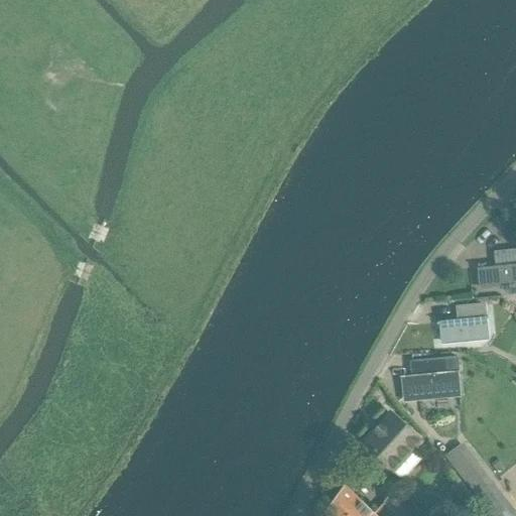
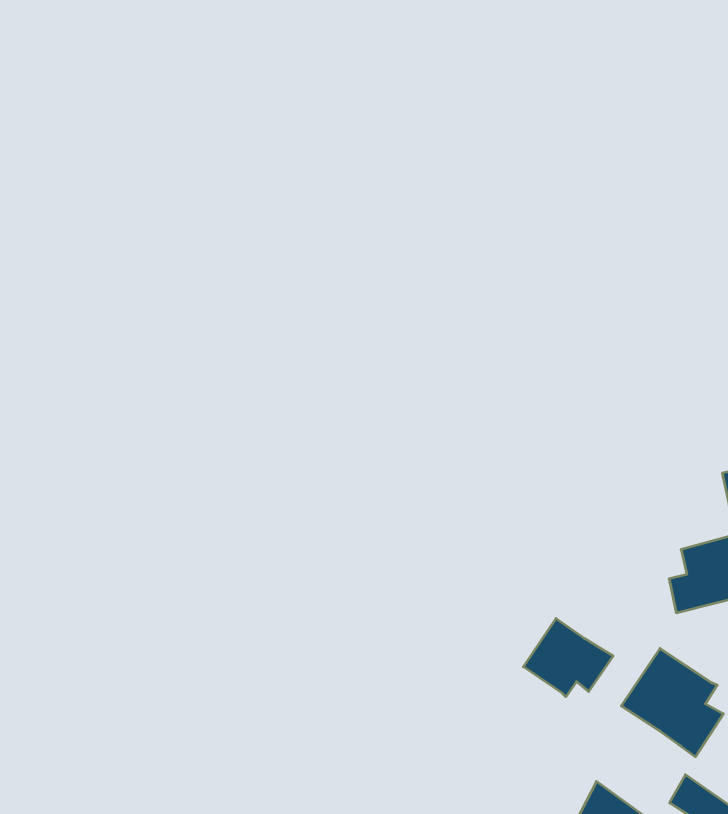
building: none -> [523,618,613,697]

